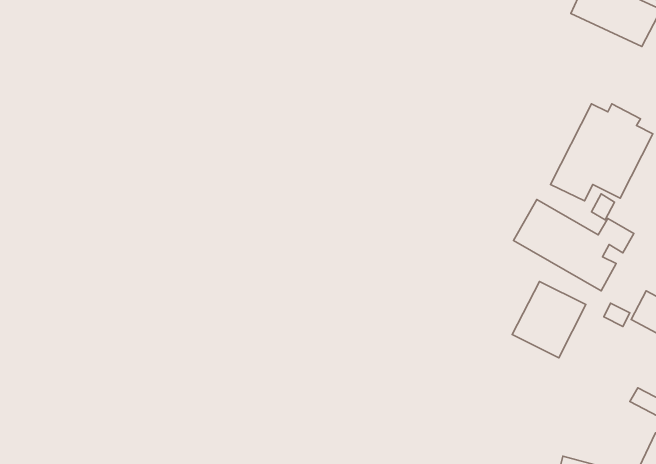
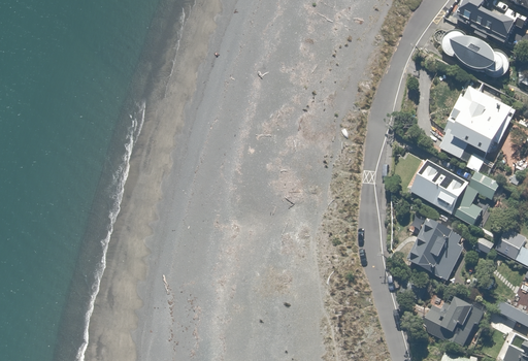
building: none -> [442,32,508,78]
building: none -> [421,293,483,350]

